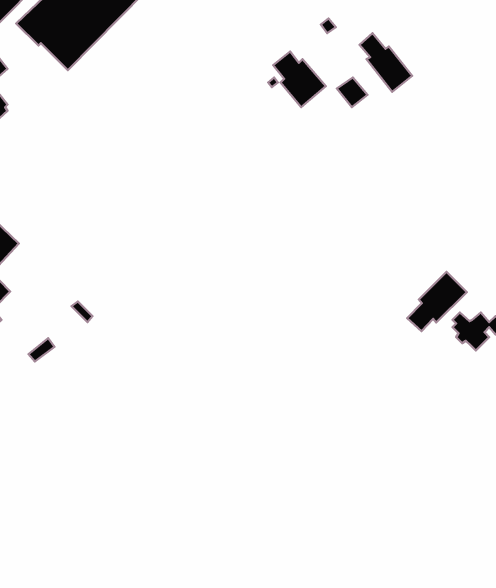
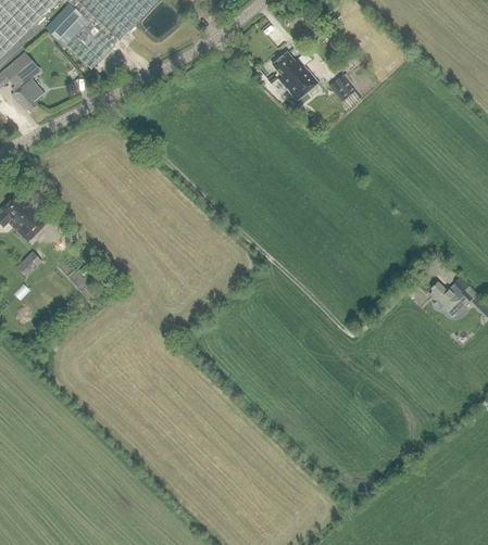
building: [359,33,412,92] -> none
building: [407,272,467,331] -> none

